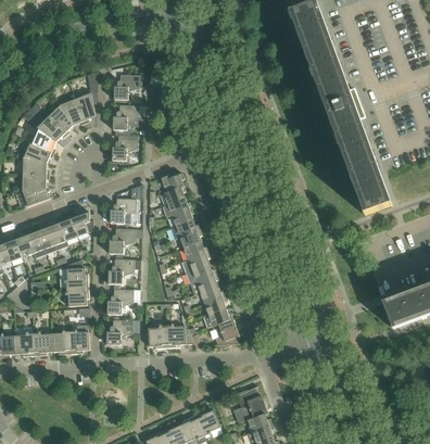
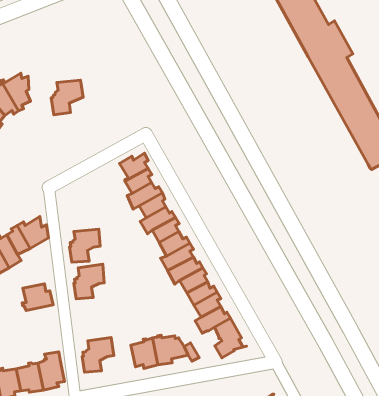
building: [113,74,139,100] -> none
building: [111,135,137,161] -> none
building: [109,198,135,224] -> none
building: [64,286,88,306] -> none
building: [106,289,132,315] -> none

